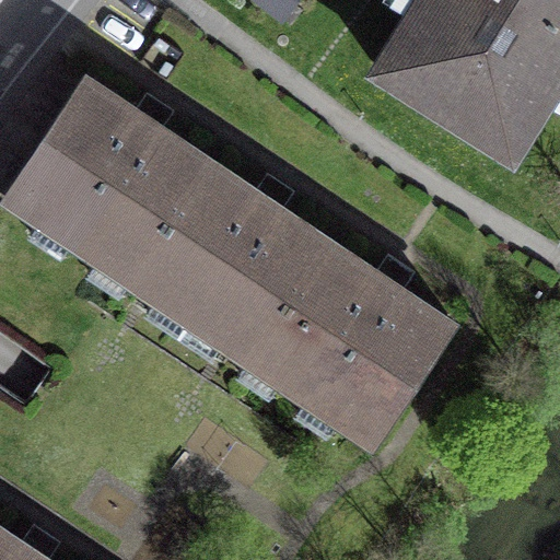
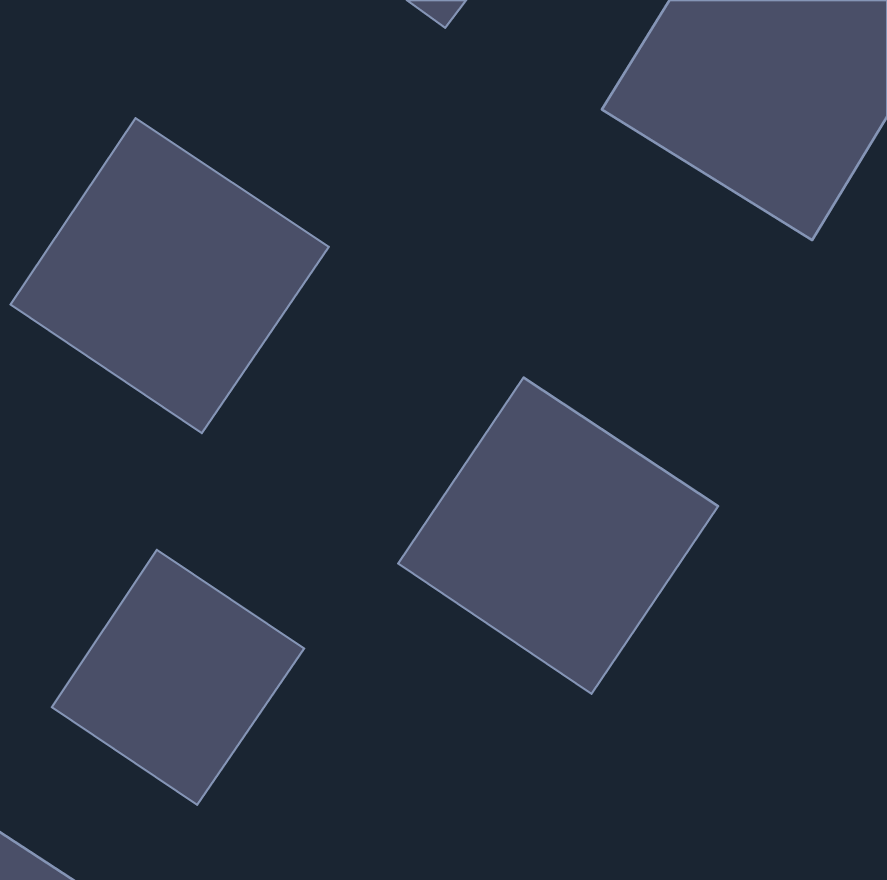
building: [127,161,329,360] -> none
building: none -> [52,550,304,805]

